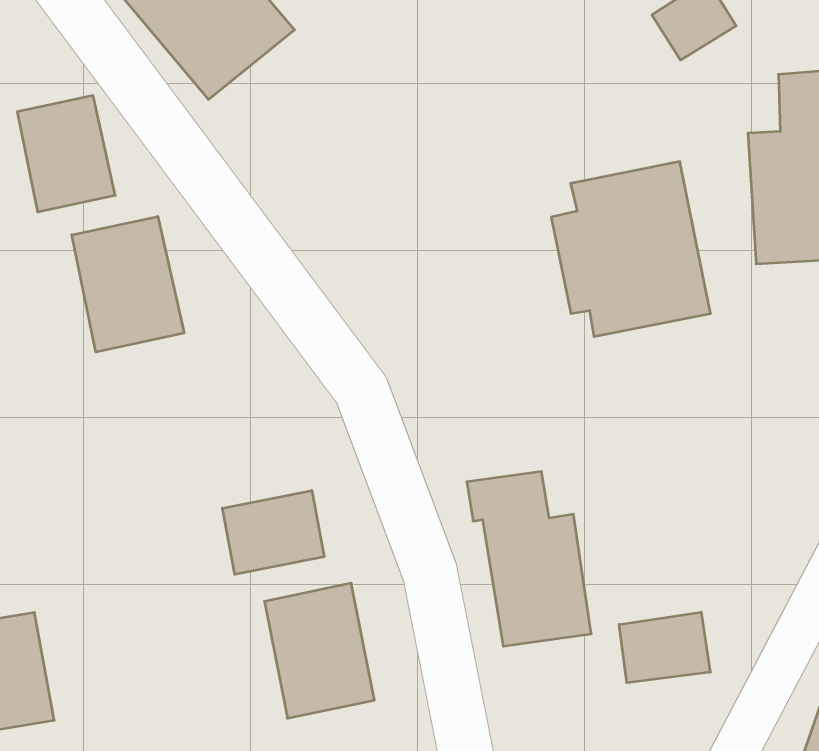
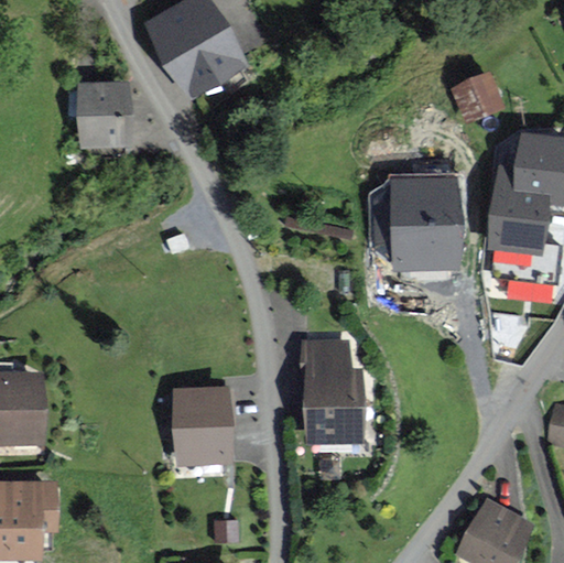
building: [72,216,184,352] -> none
building: [222,490,324,574] -> none
building: [619,612,710,683] -> none

